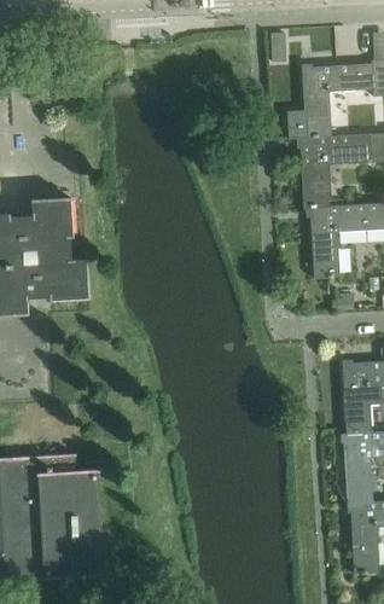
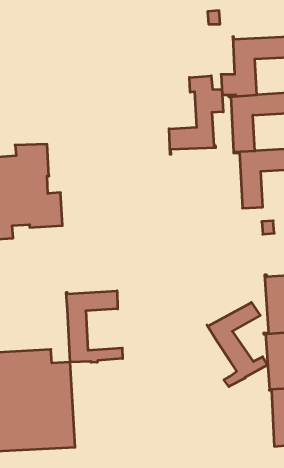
building: none -> [169,76,223,154]
building: none -> [66,291,123,362]
building: none -> [207,302,268,387]

